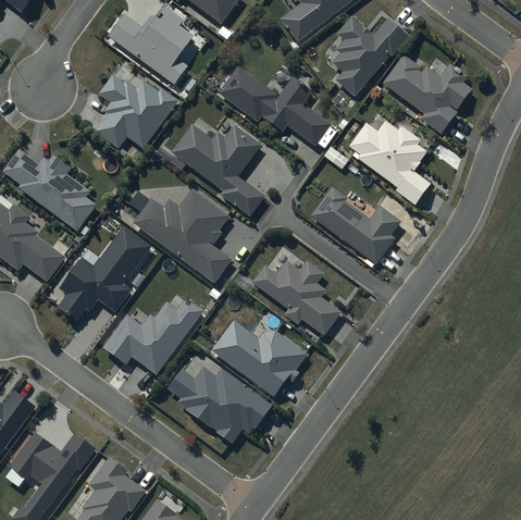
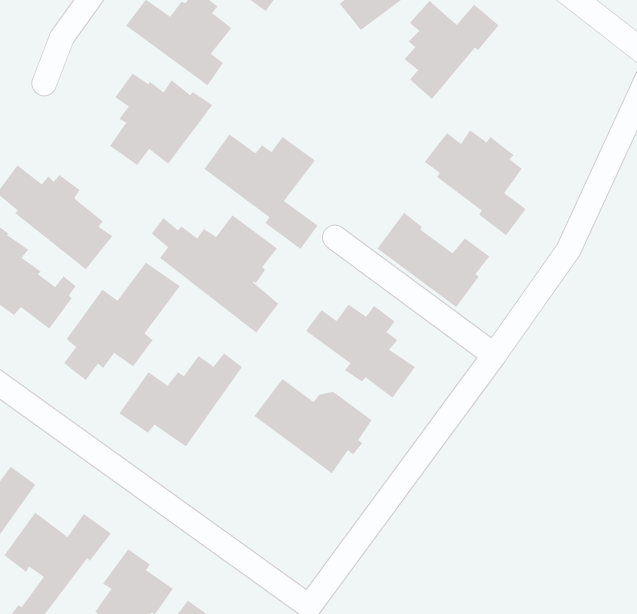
building: [382,55,472,134] -> none
building: [218,66,331,146] -> none
building: [168,367,272,444] -> none

